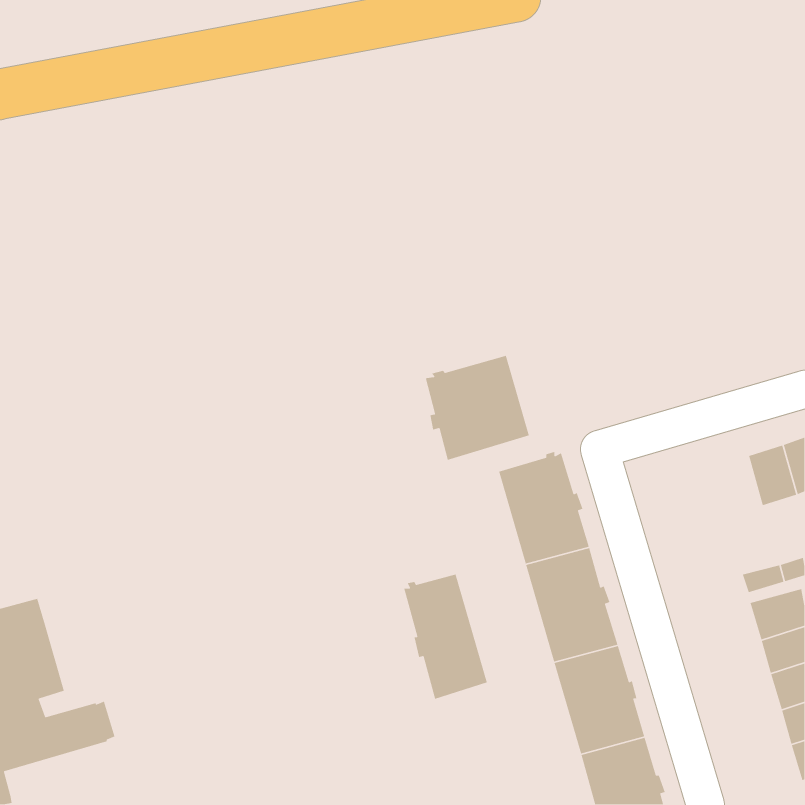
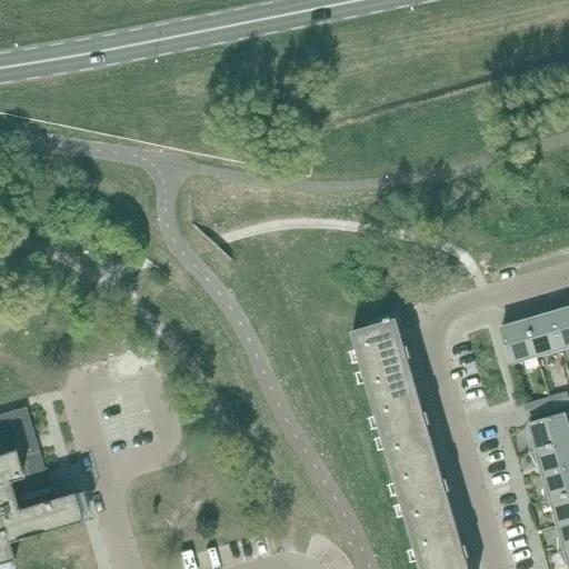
building: [425,355,530,461] -> none
building: none -> [499,320,536,362]
building: [403,573,488,700] -> none

